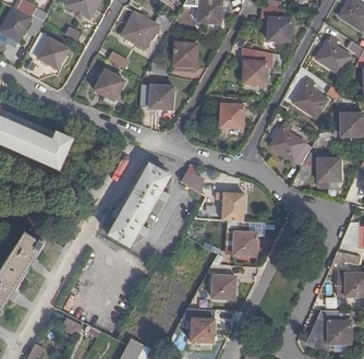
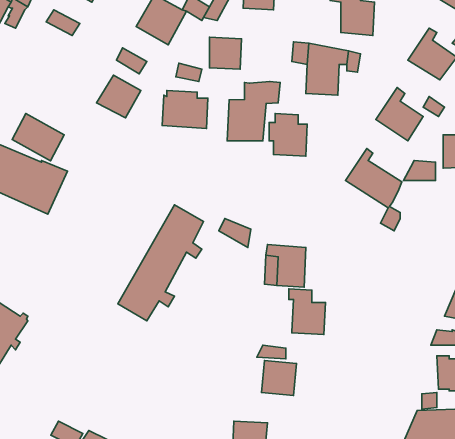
building: [31,34,68,68] -> [12,114,64,161]
building: none -> [227,81,280,141]
building: [317,152,341,181] -> none

